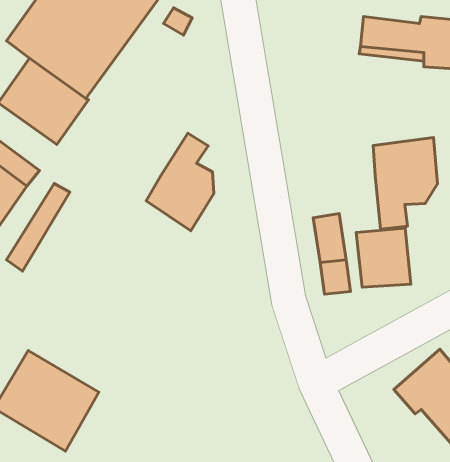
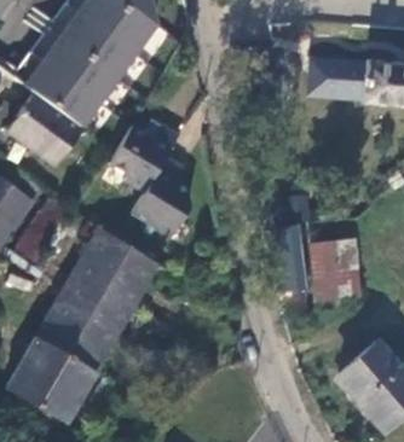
building: none -> [108,126,179,193]
building: [373,137,438,229] -> none
building: none -> [33,227,158,374]

